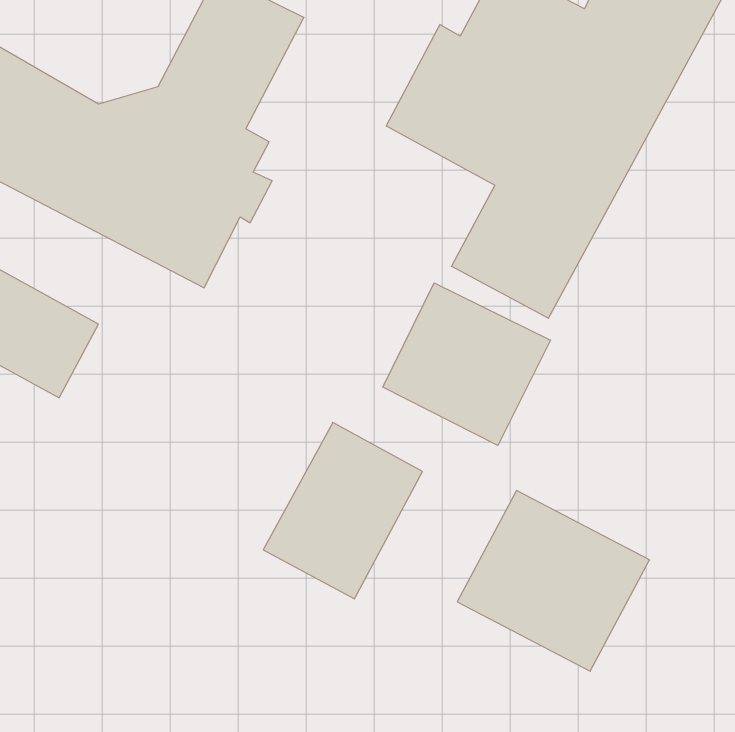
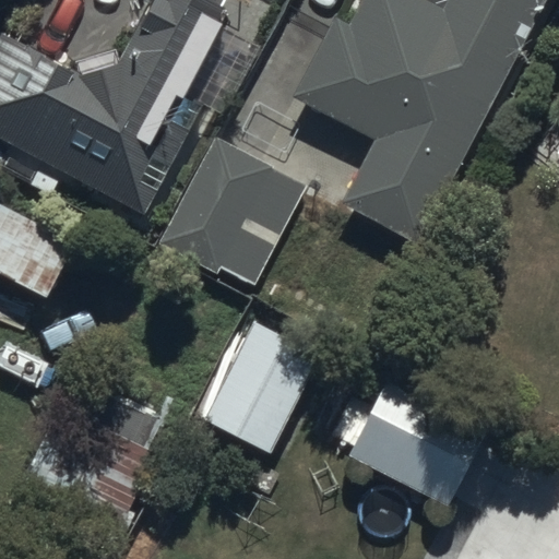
building: none -> [157,135,305,290]
building: [383,283,551,445] -> none

